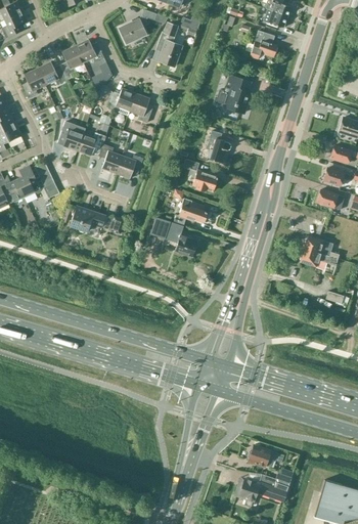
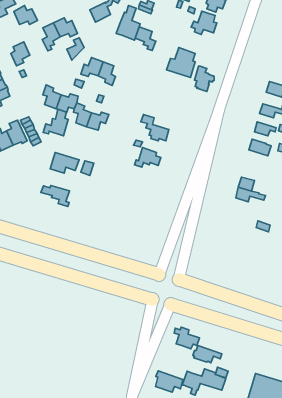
building: none -> [135,27,156,50]
building: [37,61,66,85] -> [14,6,38,25]
building: [206,131,230,163] -> [194,66,214,92]
building: none -> [43,109,68,136]
building: [150,218,196,257] -> none
building: none -> [41,185,69,207]
building: none -> [174,327,199,349]
building: none -> [155,371,183,392]

